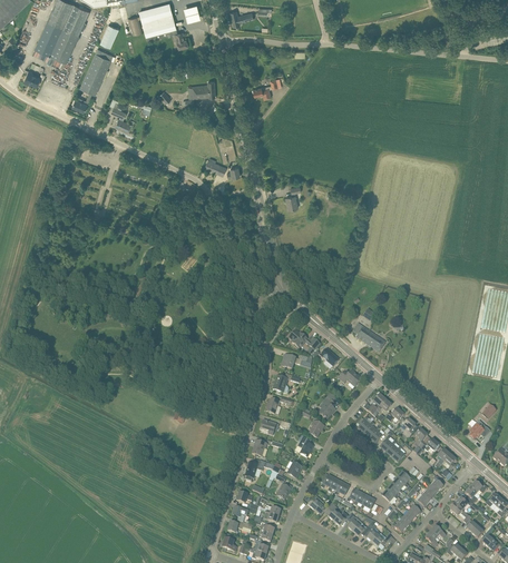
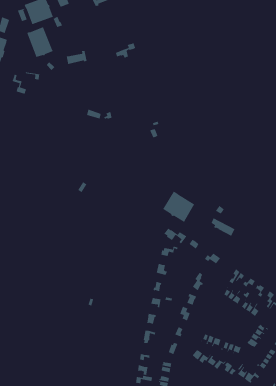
building: none -> [26,26,54,58]
building: none -> [162,191,195,223]

